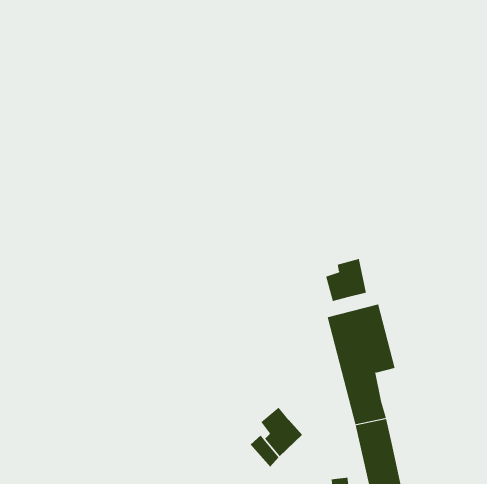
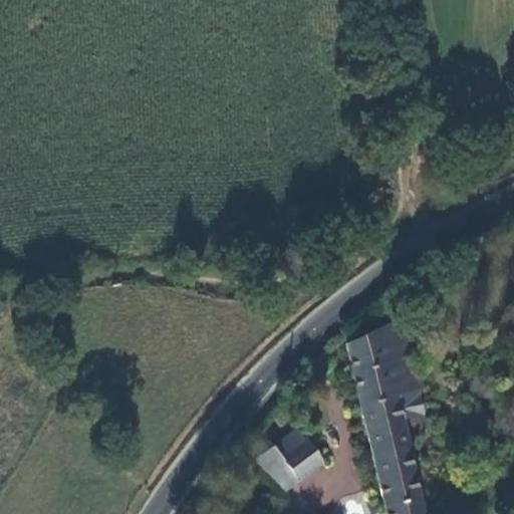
building: [325,258,367,302] -> none

